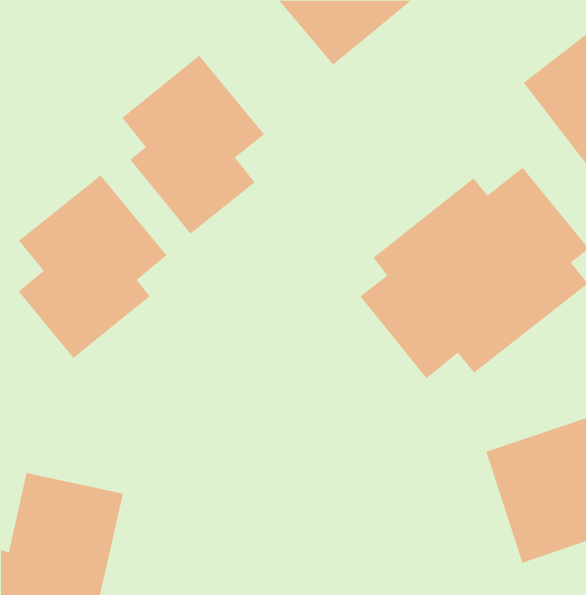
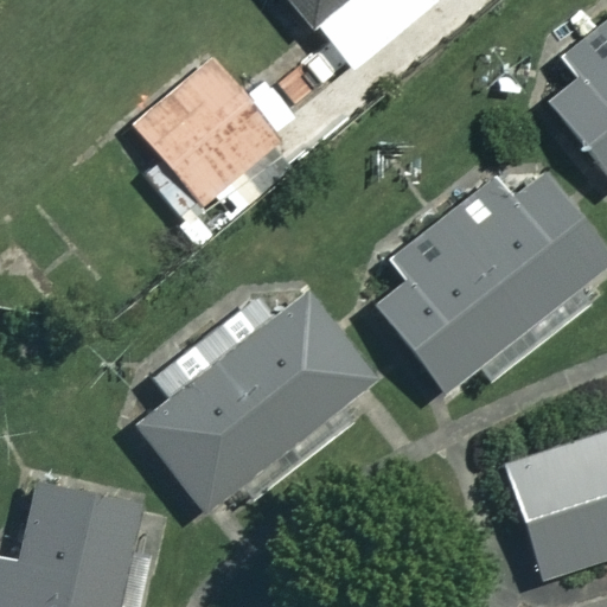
building: [18,174,167,359] -> none
building: none -> [136,285,382,512]

